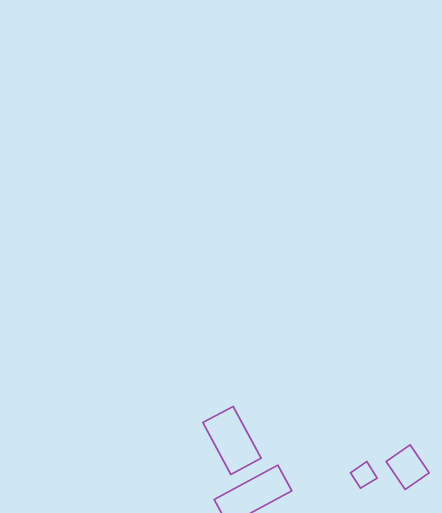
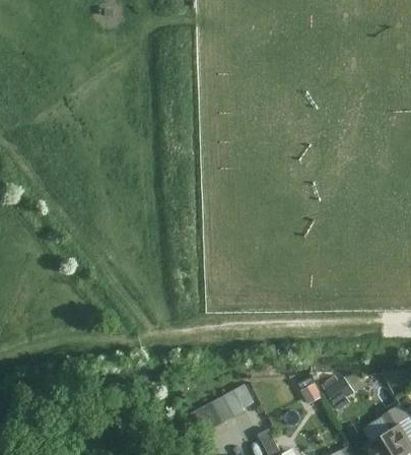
building: [203,406,261,474] -> none

